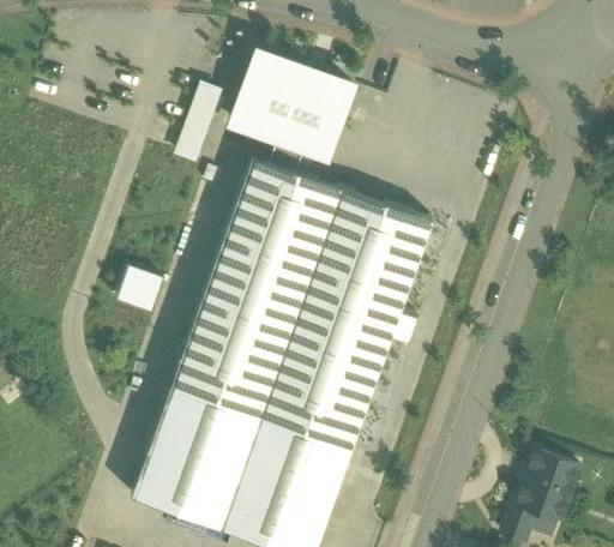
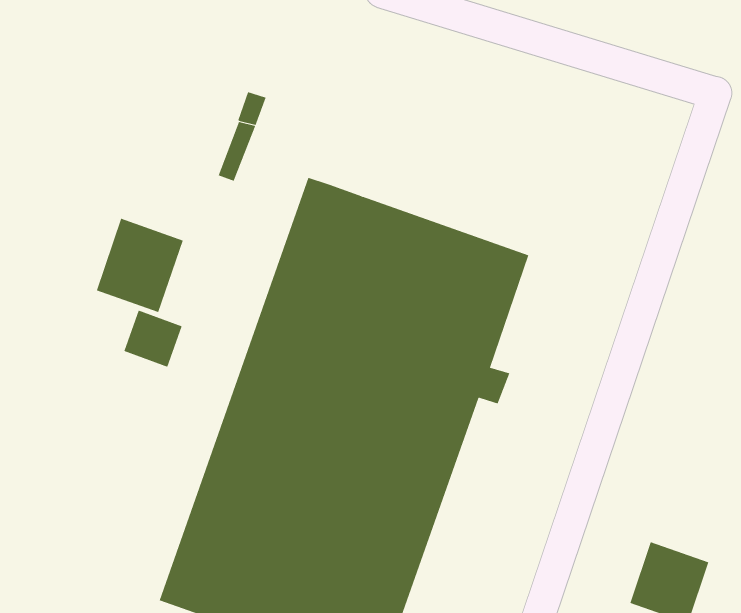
building: [234,52,353,172] -> none
building: none -> [96,218,183,313]

